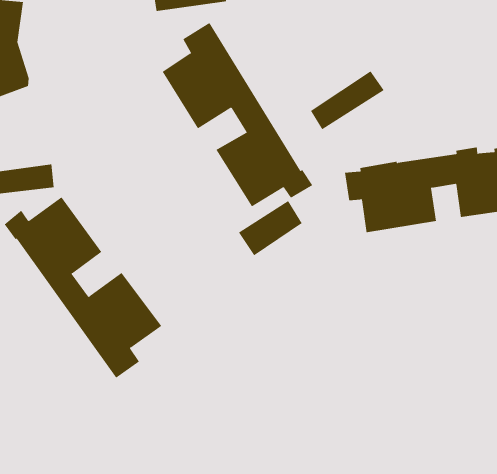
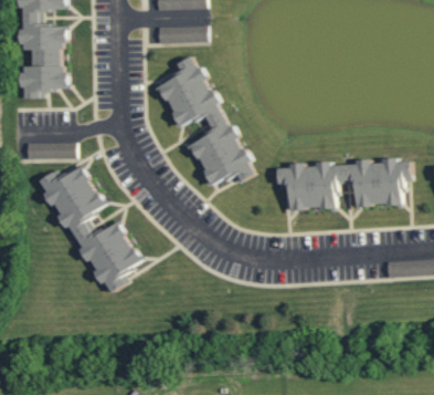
building: [310,70,385,130] -> none
building: [238,200,302,256] -> none

